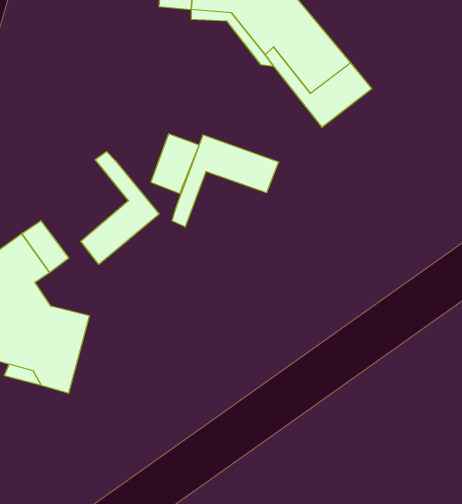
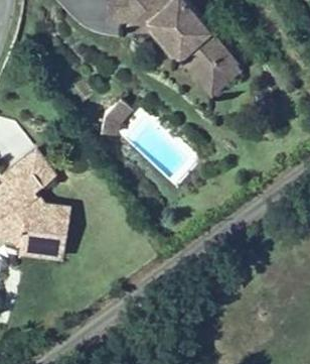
building: [172,135,278,227] -> none
building: [81,152,159,264] -> none

